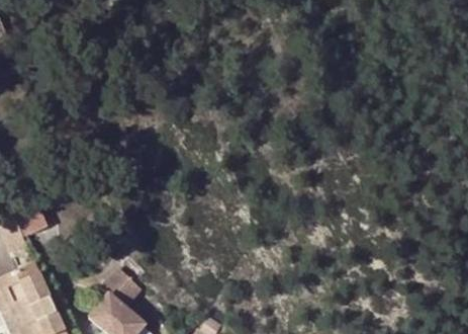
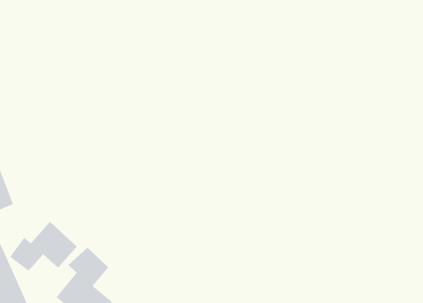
building: none -> [10,221,77,272]

